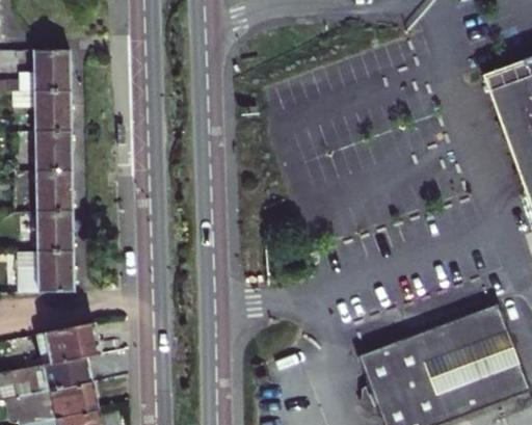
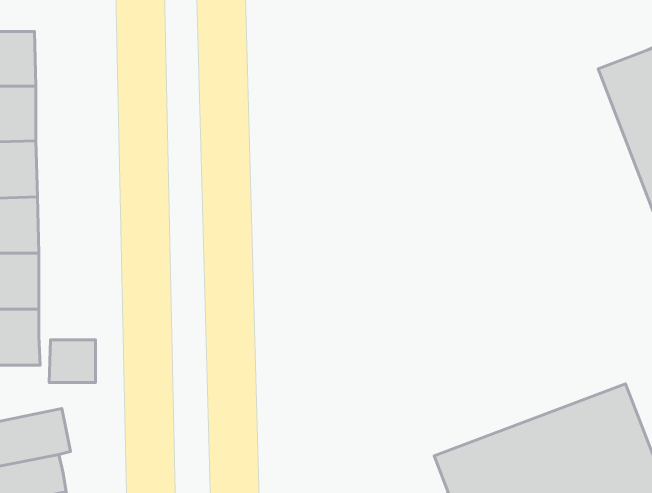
building: none -> [49,340,96,382]

